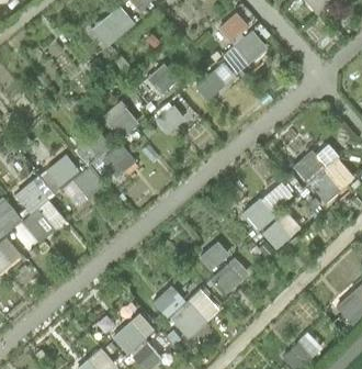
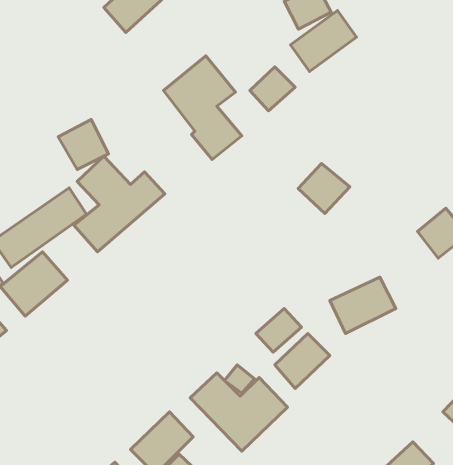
building: [103,102,138,137] -> [58,119,108,170]
building: [293,148,330,186] -> none
building: [241,198,278,233] -> [298,163,350,214]

